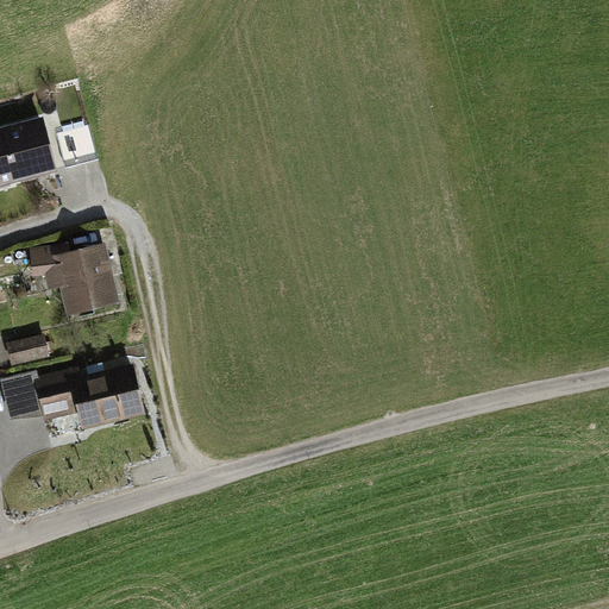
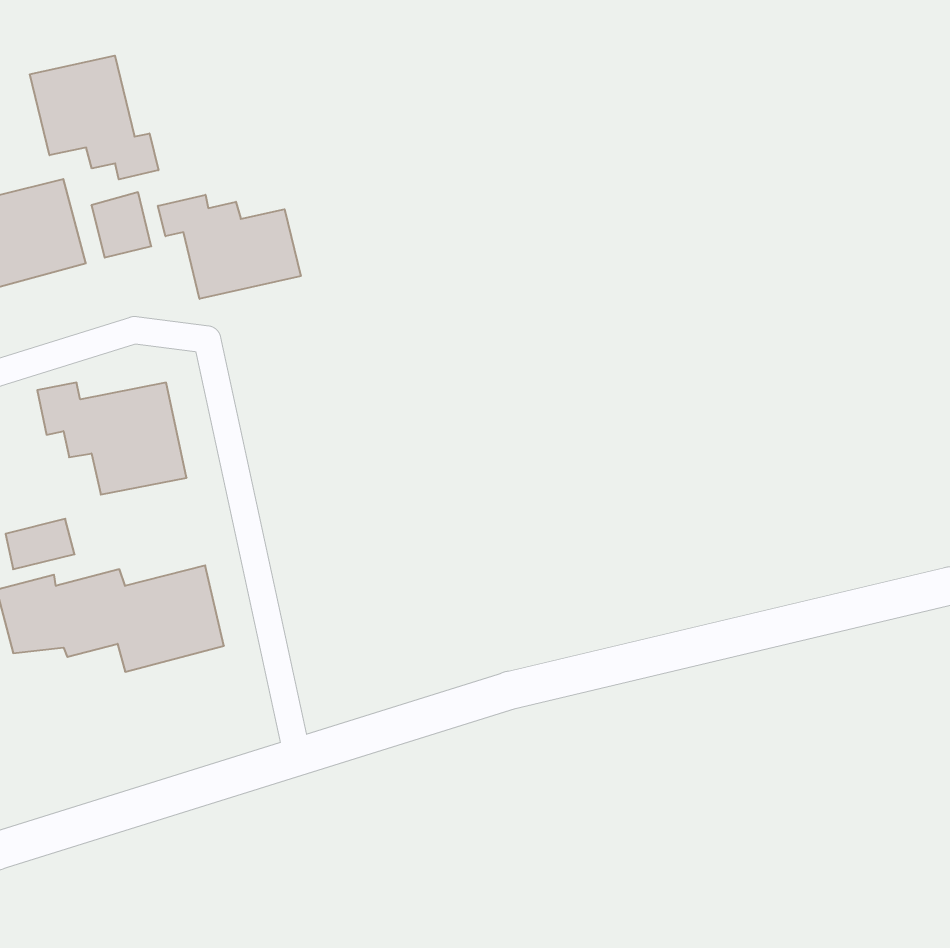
building: none -> [30,56,158,179]
building: none -> [158,195,301,299]

